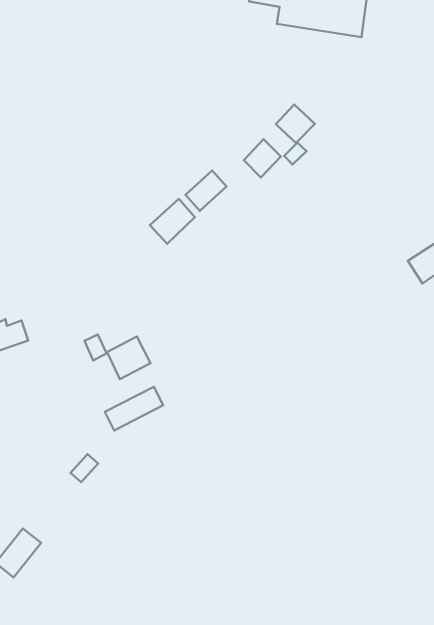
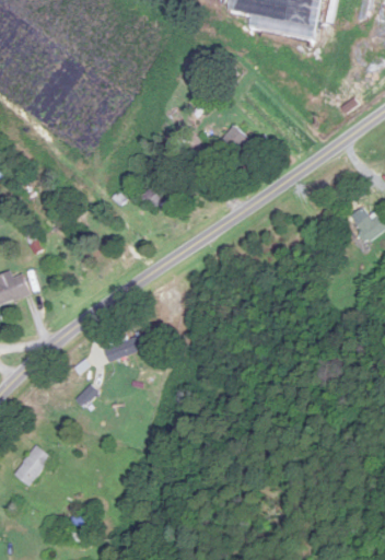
building: [276,105,315,164] -> none
building: [186,171,226,211] -> none
building: [84,334,151,379] -> none

